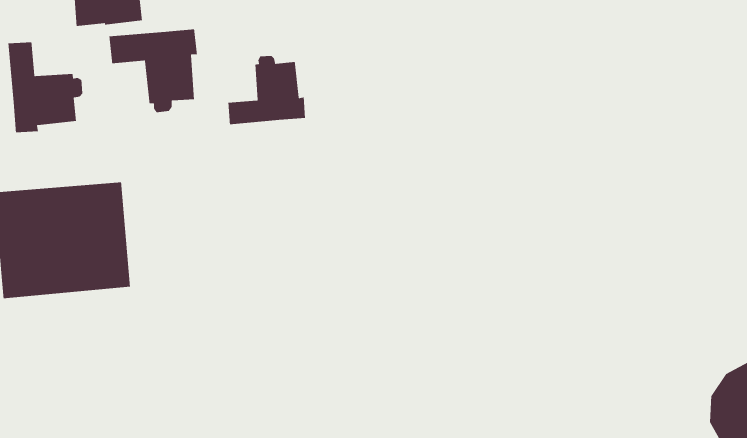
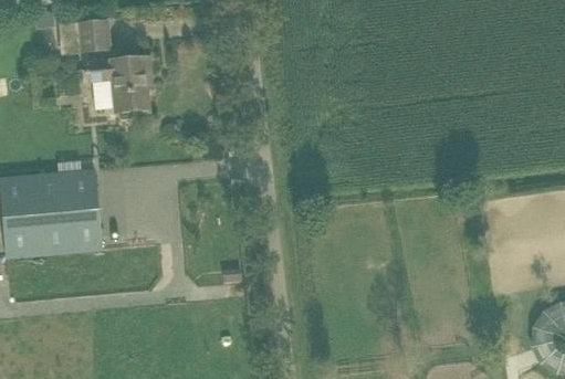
building: [7,41,83,133] -> none
building: [228,55,306,125] -> none

